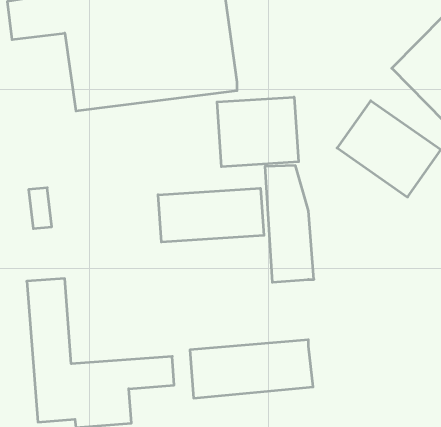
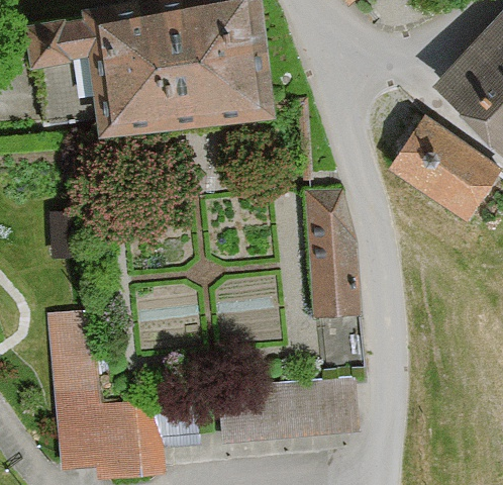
building: [217,97,299,167] -> none
building: [158,188,264,242] -> none

